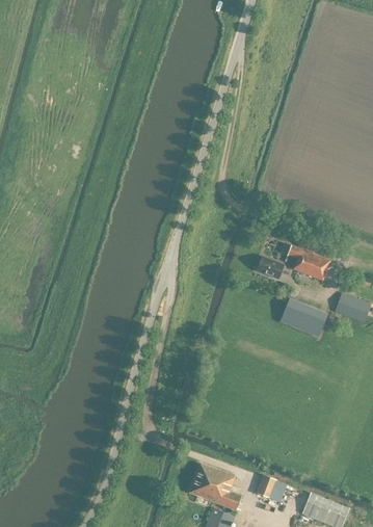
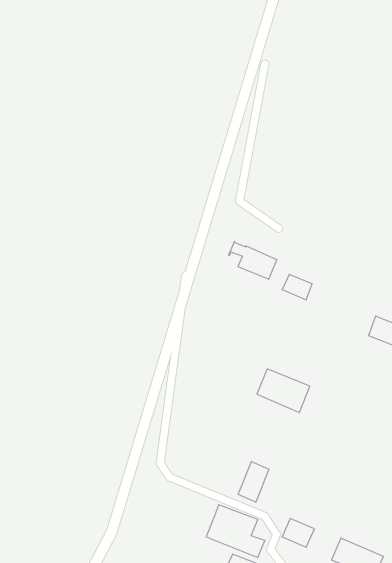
building: [286,245,329,280] -> [229,241,277,279]
building: [279,297,327,337] -> [257,369,310,413]
building: none -> [238,461,269,502]

